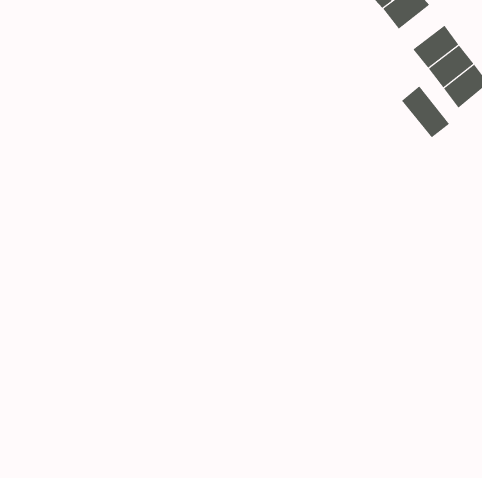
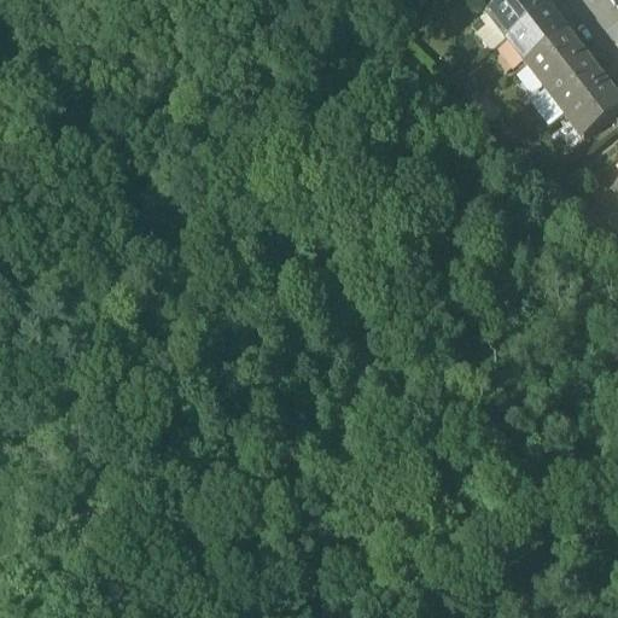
building: none -> [511,6,570,63]
building: [401,86,450,138] -> none

